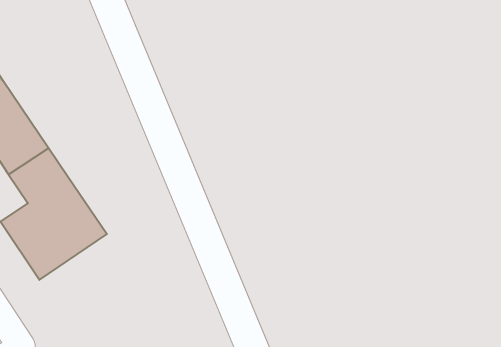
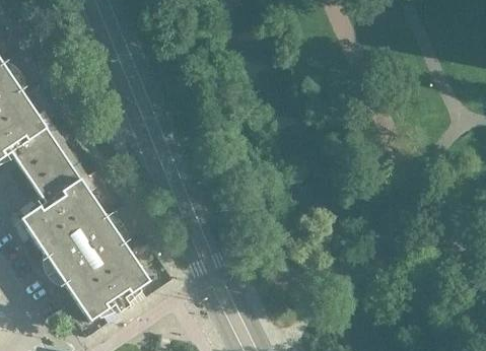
building: none -> [55,228,149,320]

